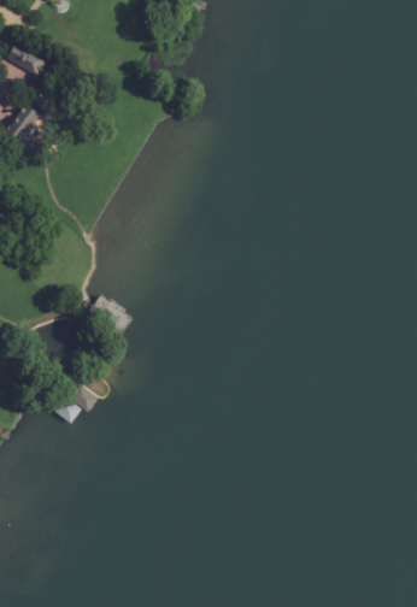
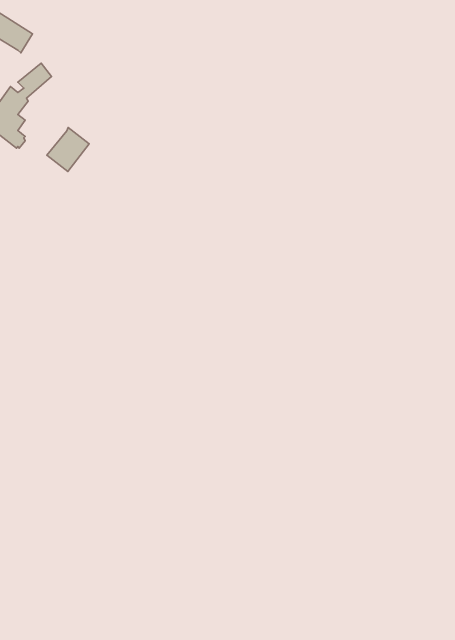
building: none -> [47,127,89,171]

